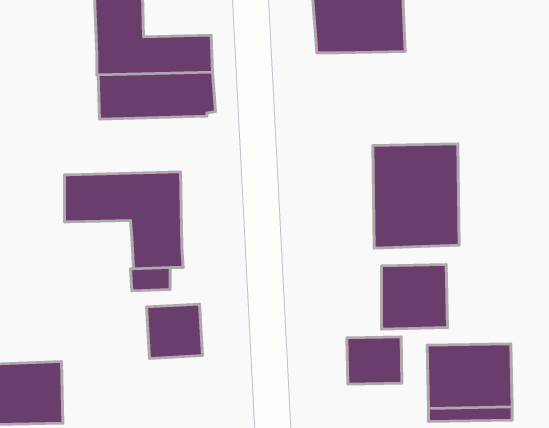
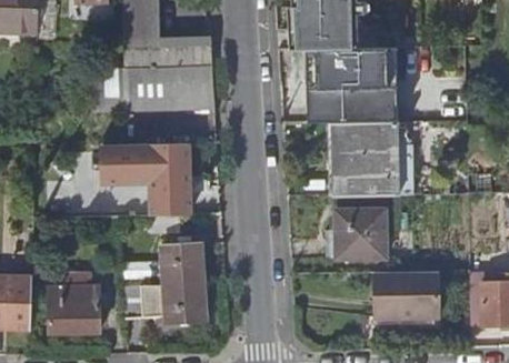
building: none -> [307,49,397,122]
building: [347,337,402,384] -> none
building: none -> [122,280,207,323]

